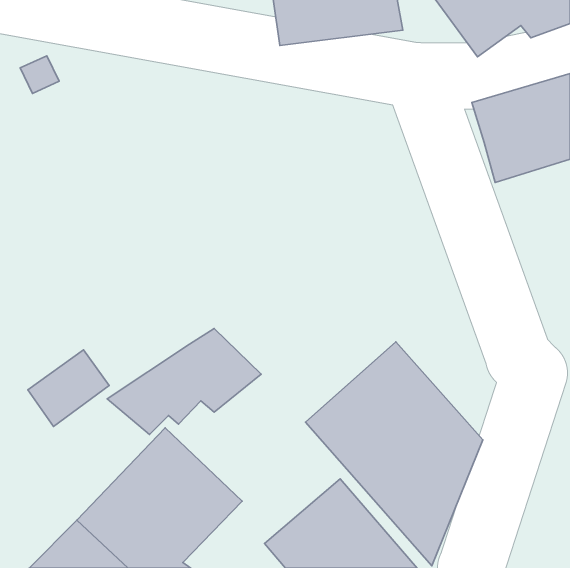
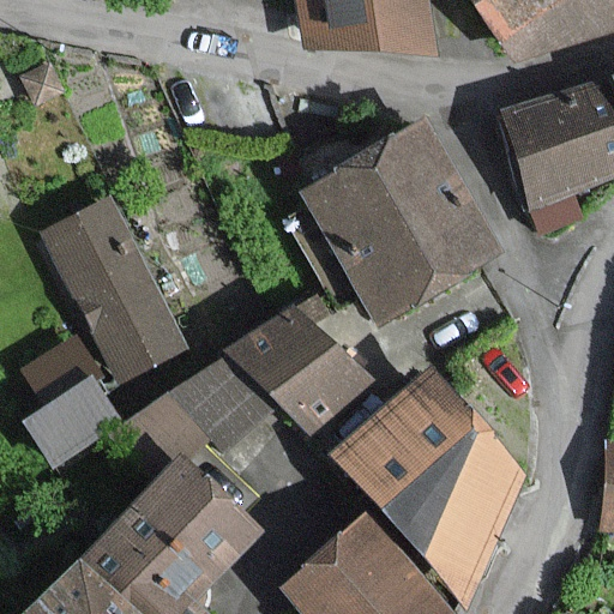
building: none -> [305,124,496,320]
building: none -> [42,198,183,381]
building: none -> [239,300,368,432]

